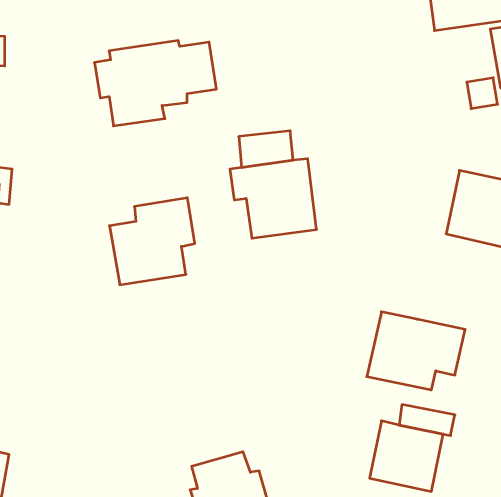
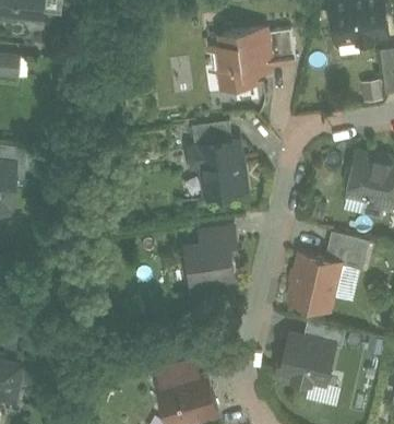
building: [94,41,216,126] -> [204,30,295,93]
building: [109,198,195,285] -> [177,226,240,291]
building: none -> [322,235,368,270]

